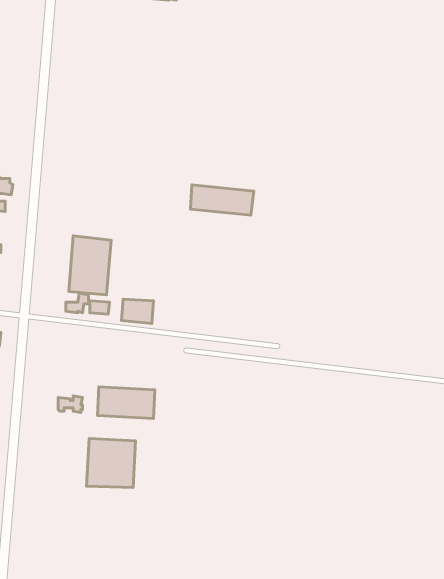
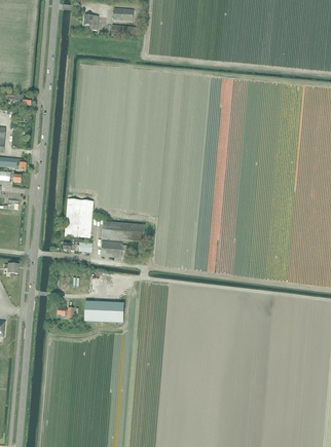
building: [190,185,254,215] -> [101,220,144,240]
building: [87,438,136,488] -> none

